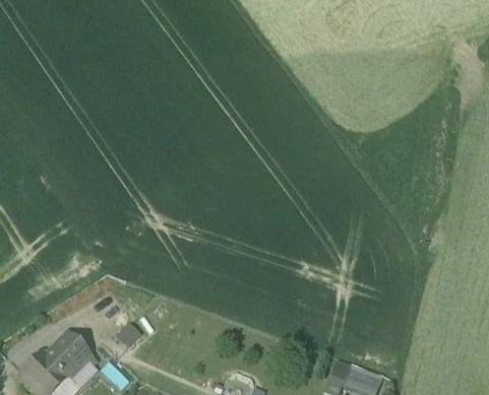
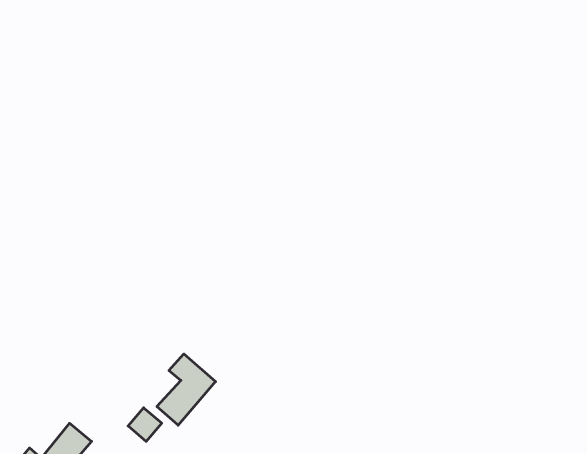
building: none -> [157,354,216,425]

